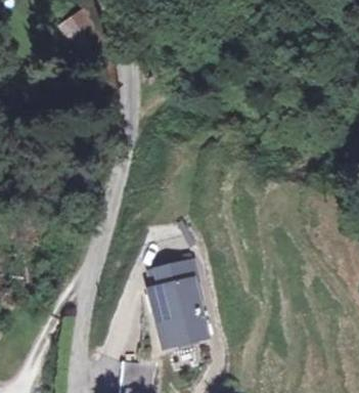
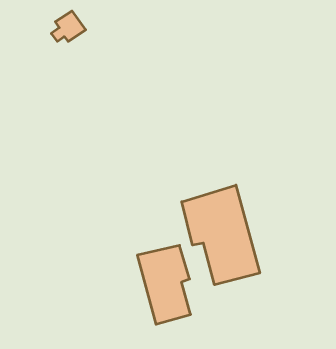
building: none -> [182,185,260,285]

